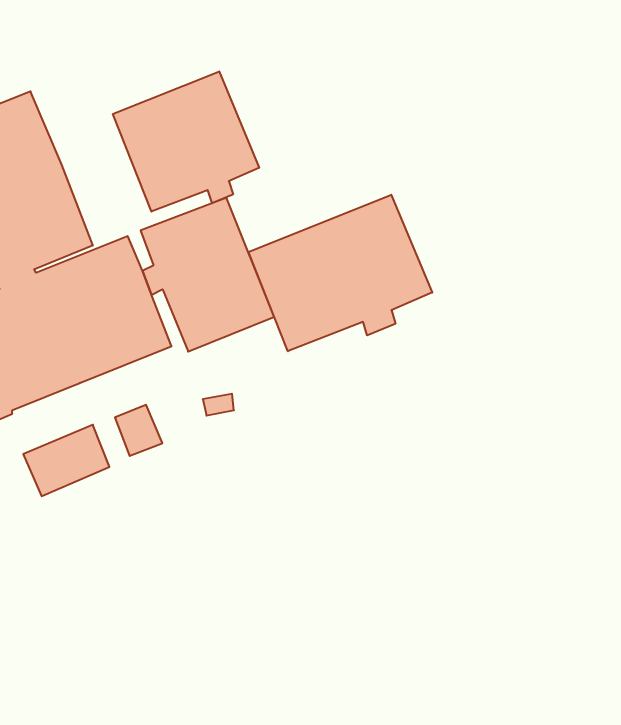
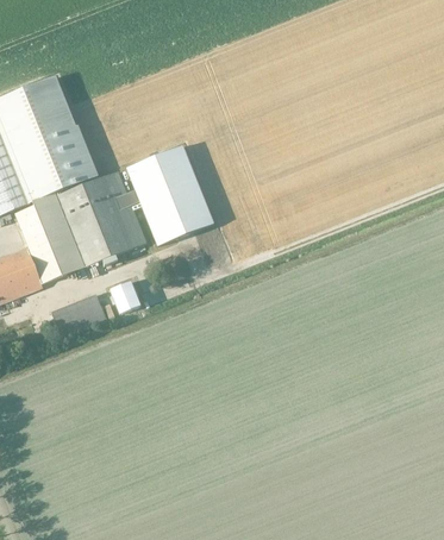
building: [113,71,259,212] -> none
building: [249,195,432,351] -> none

